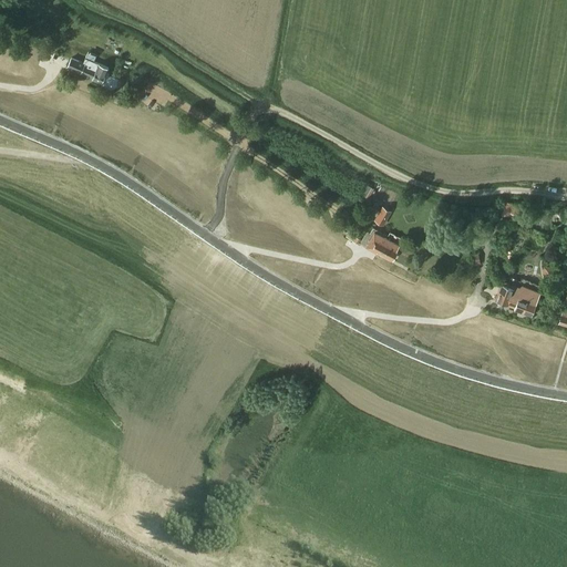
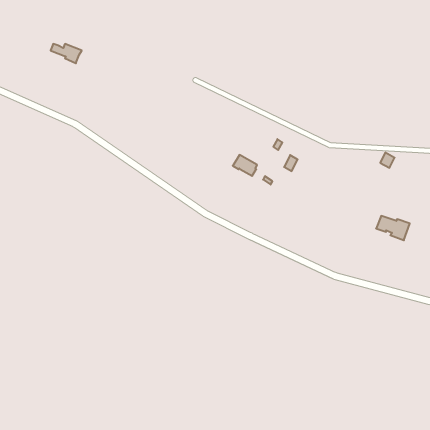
building: [365,231,398,259] -> [233,155,257,176]

